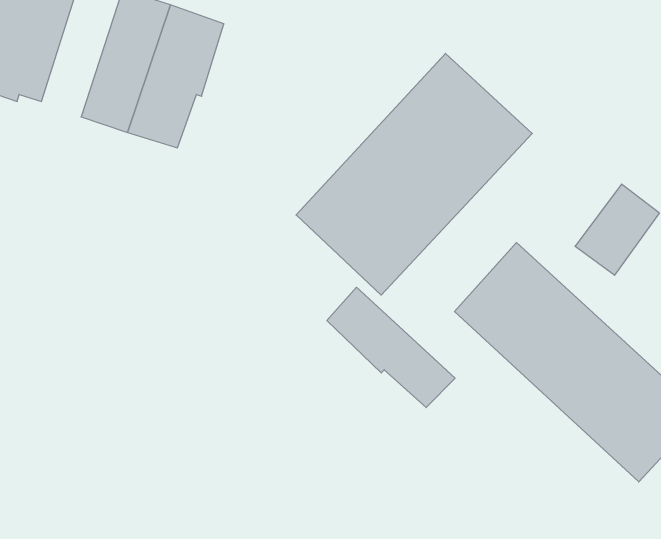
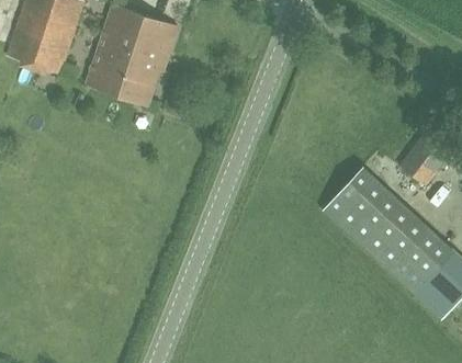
building: [296,53,532,295] -> none
building: [327,287,455,408] -> none

